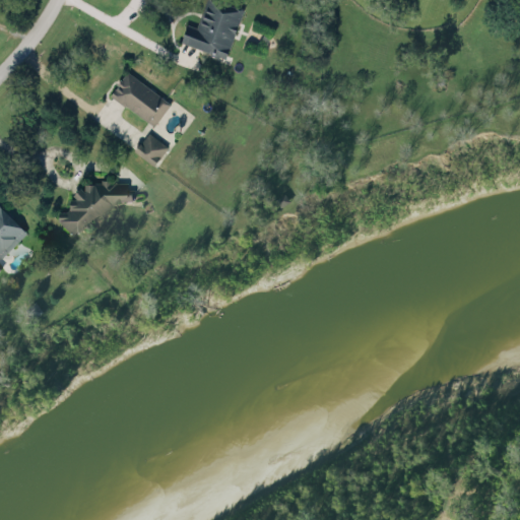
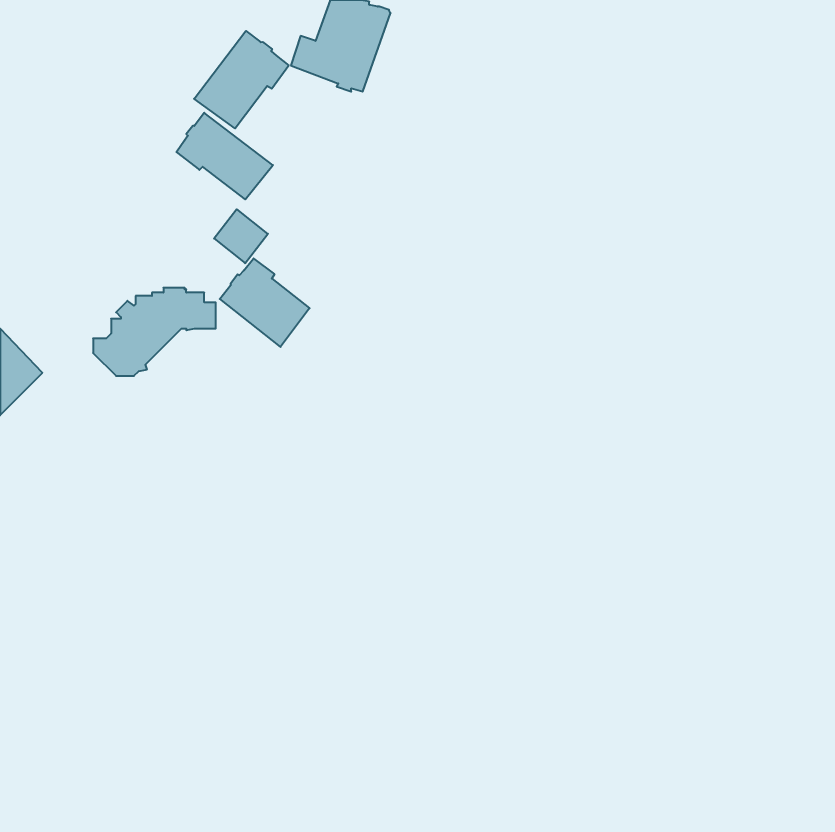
building: none -> [194,31,289,128]
building: none -> [220,258,310,347]

